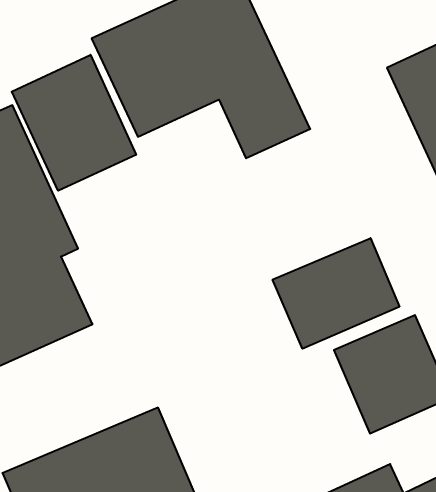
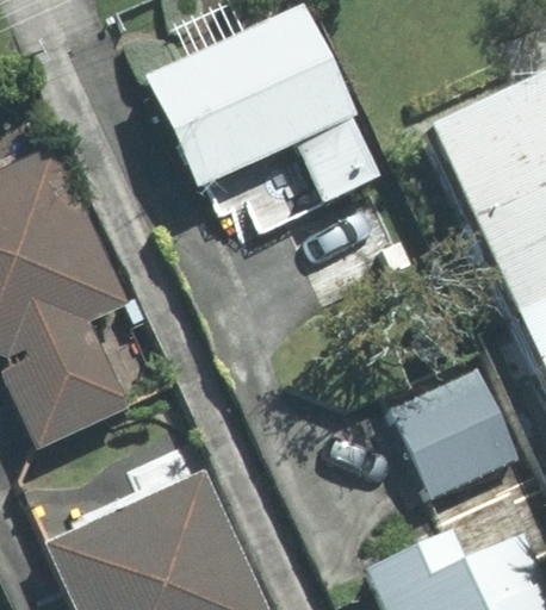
building: [12,55,136,191] -> none
building: [273,238,399,349] -> none

